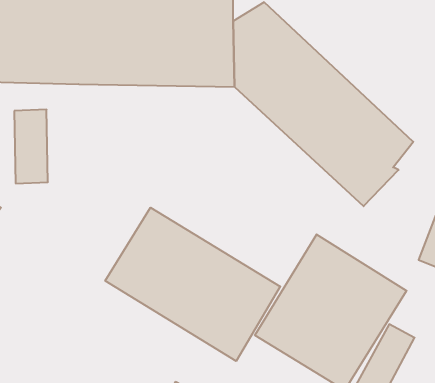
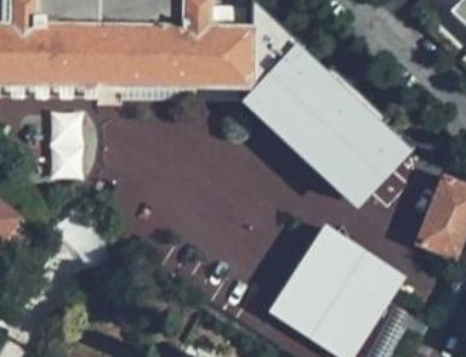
building: [105,208,280,361] -> none

